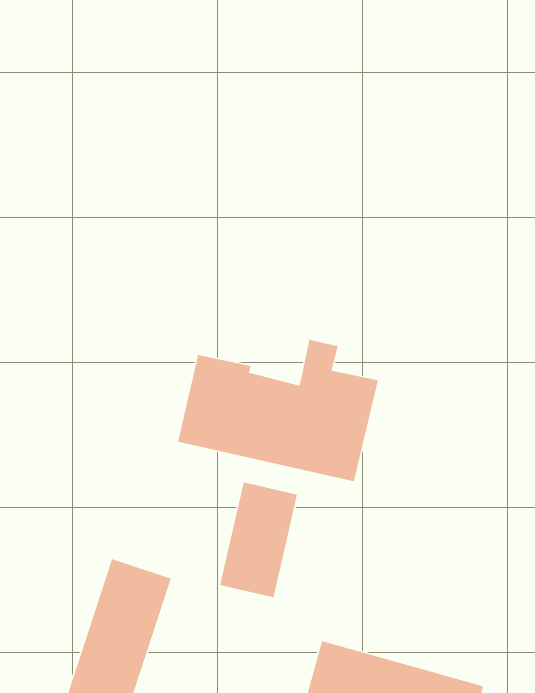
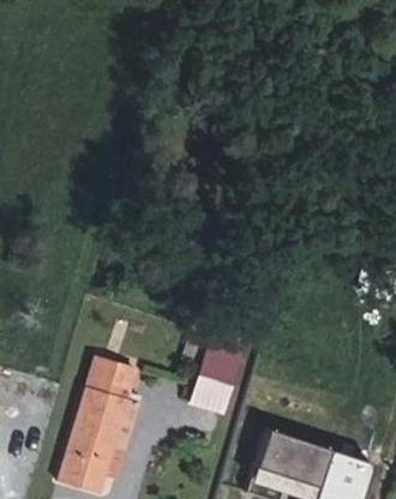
building: [177,339,379,482] -> none

